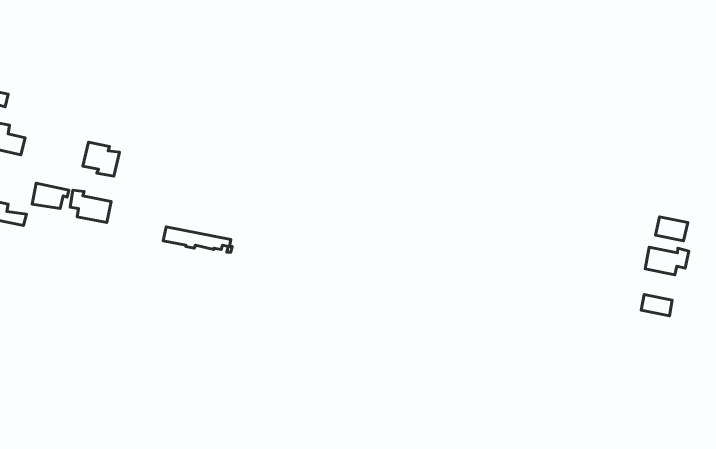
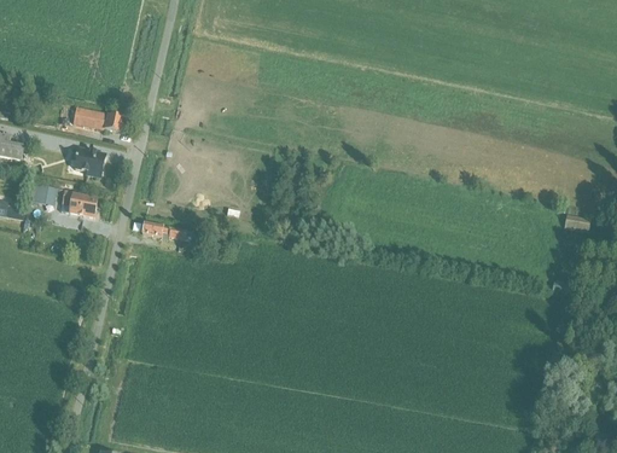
building: none -> [71,106,124,132]
building: [645,247,689,275] -> none

